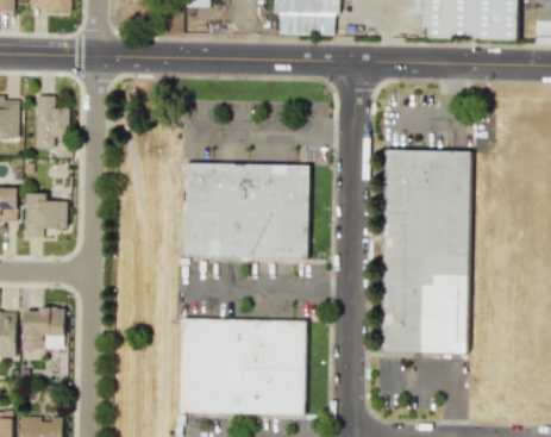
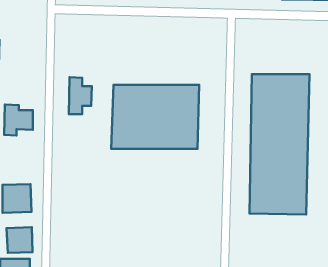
building: [36,95,69,149] -> [69,77,92,114]
building: [179,320,305,412] -> none
building: none -> [7,227,32,253]

